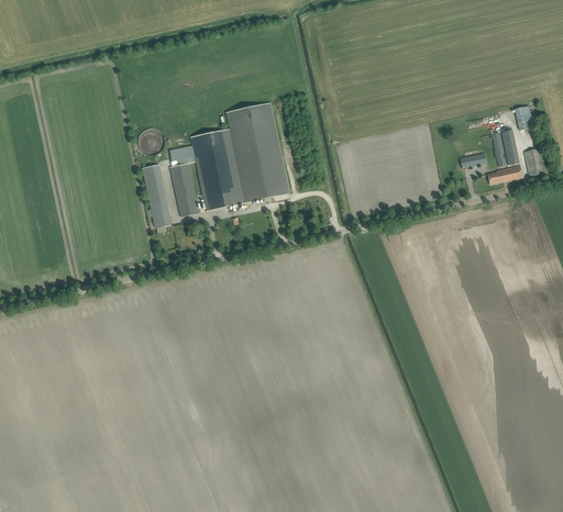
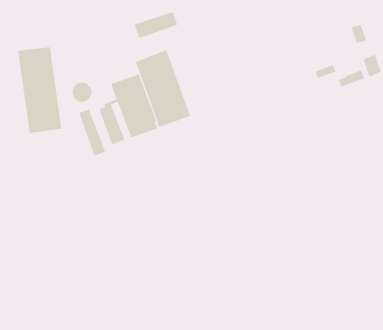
building: none -> [134,11,178,39]
building: none -> [17,46,62,134]
building: [493,129,519,166] -> none

